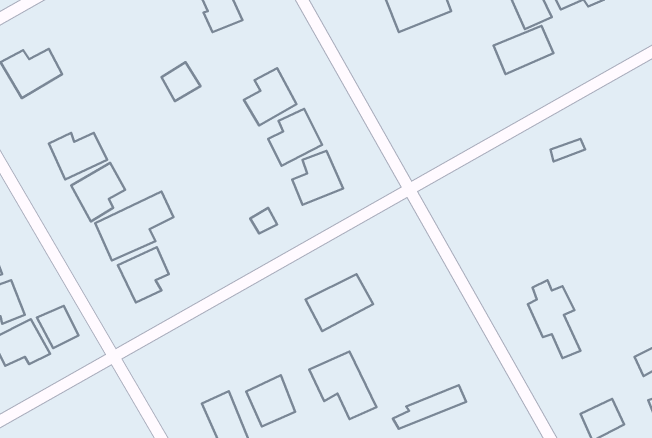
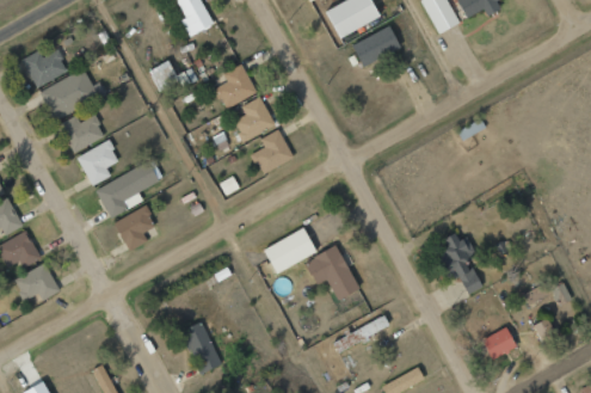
building: [493,26,554,74] -> [351,27,399,66]
building: none -> [39,69,106,121]
building: [37,306,79,348] -> none
building: [309,351,377,419] -> [304,246,358,300]
building: [246,375,295,427] -> none

